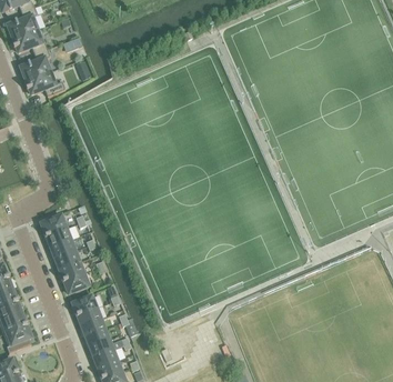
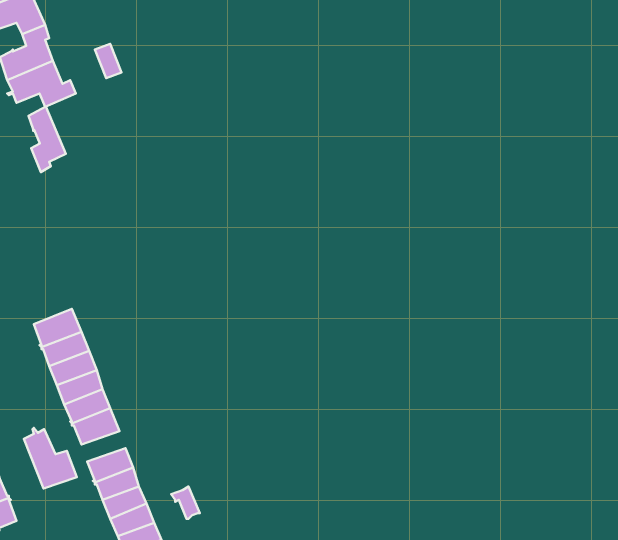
building: none -> [28,106,66,172]
building: none -> [24,428,77,488]

